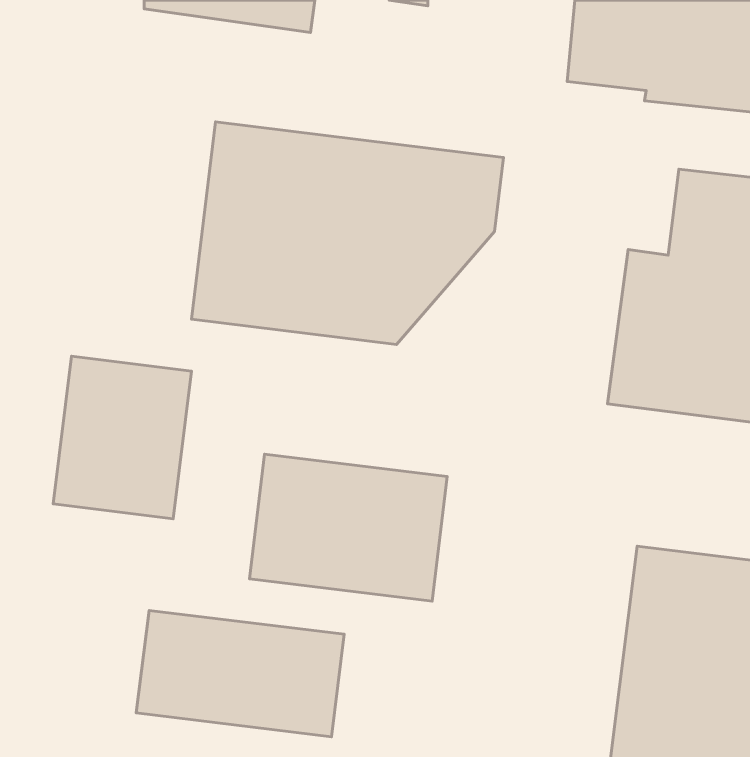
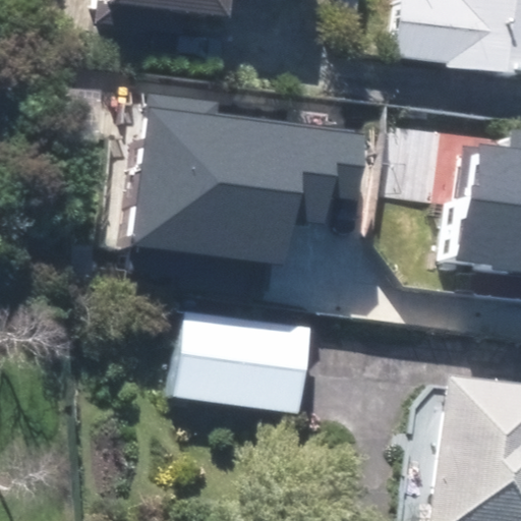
building: [53,356,191,519] -> none
building: [136,610,344,737] -> none

